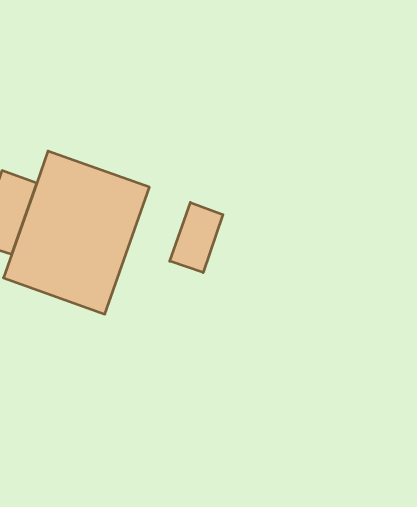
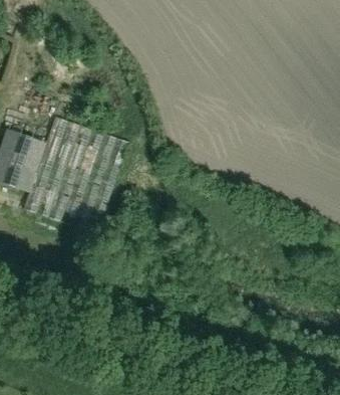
building: [170,202,223,273] -> none

